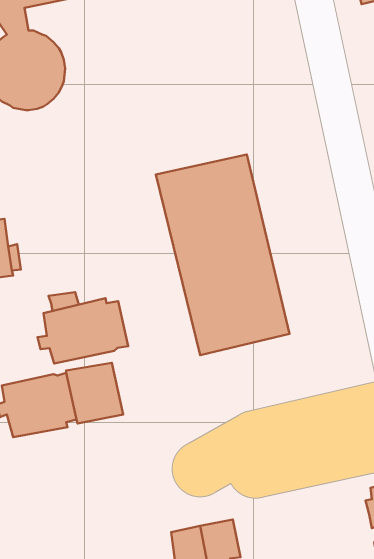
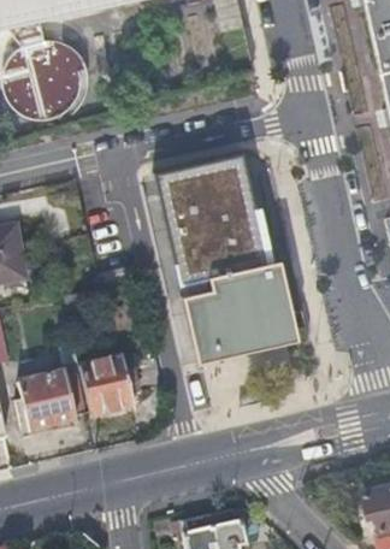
building: [38,298,128,364] -> none

